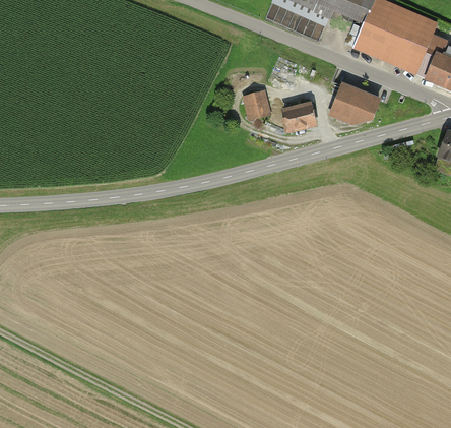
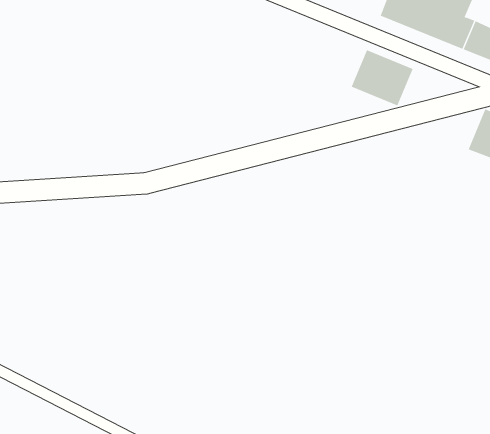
building: [243,90,271,120] -> none
building: [276,105,313,136] -> none

